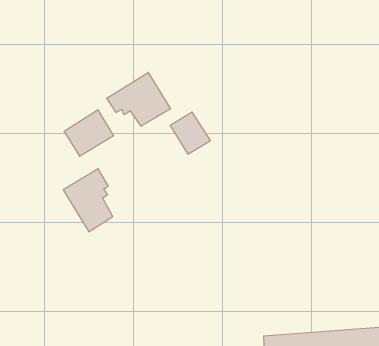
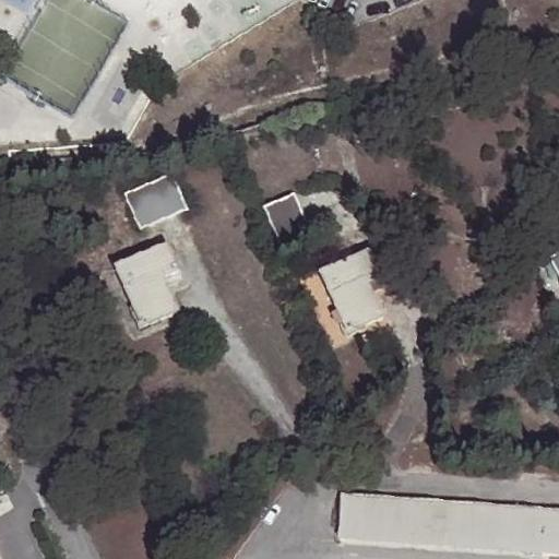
building: [107,72,171,126] -> none
building: none -> [319,251,380,331]

